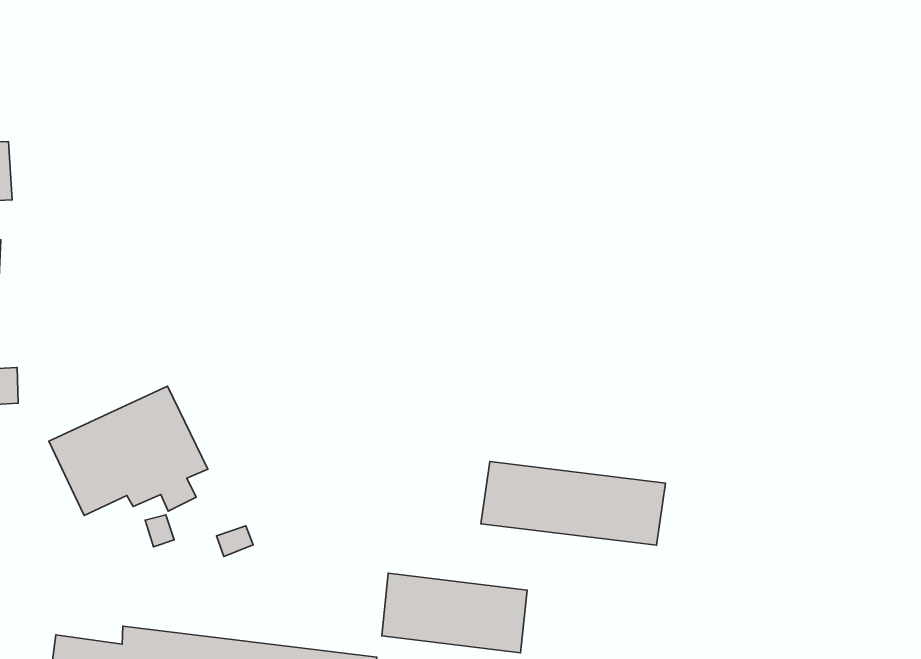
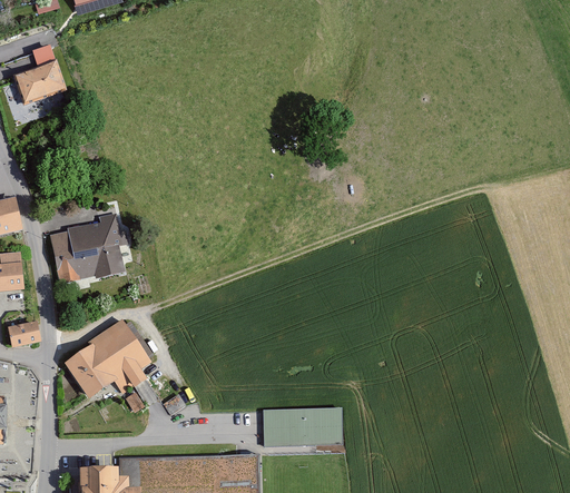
building: none -> [45,199,124,283]
building: [481,462,666,545] -> none

